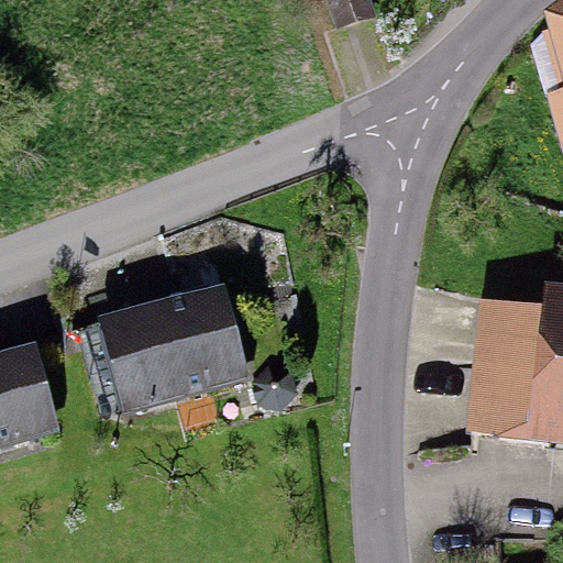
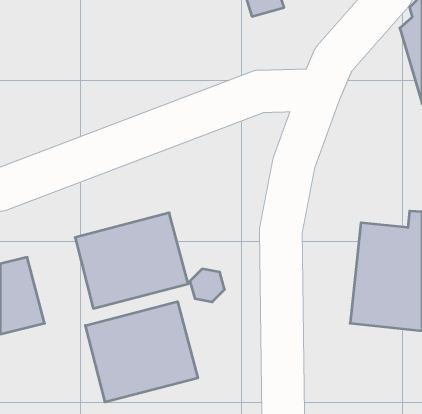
building: none -> [85,302,198,402]

